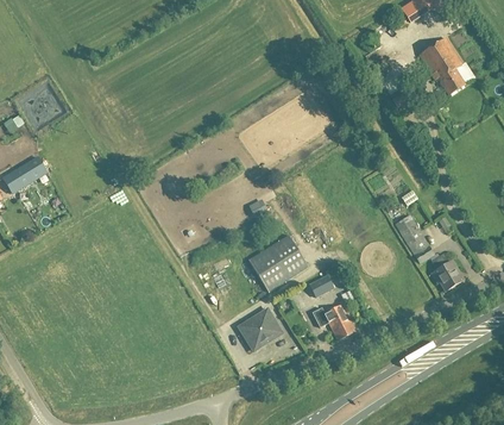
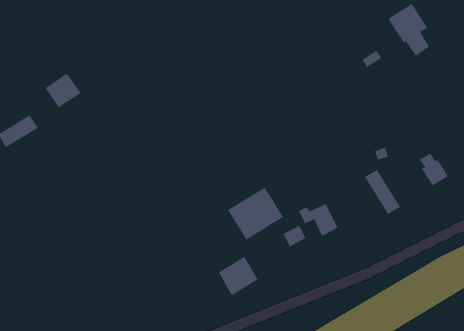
building: [23,83,62,121] -> [45,73,81,108]
building: [430,254,462,289] -> [419,153,449,186]
building: [311,304,354,339] -> [298,203,338,237]

